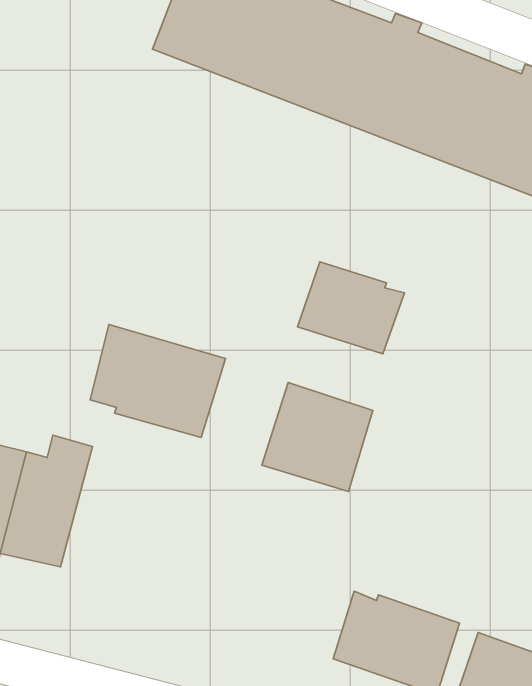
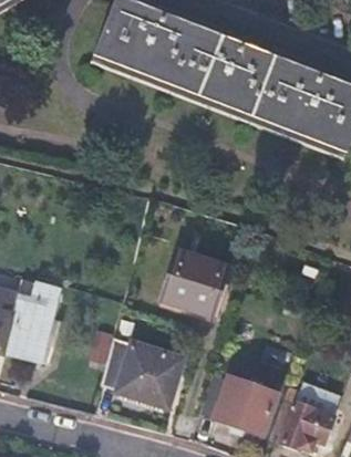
building: [298,262,404,354] -> none
building: [90,325,226,438] -> [104,336,184,403]

